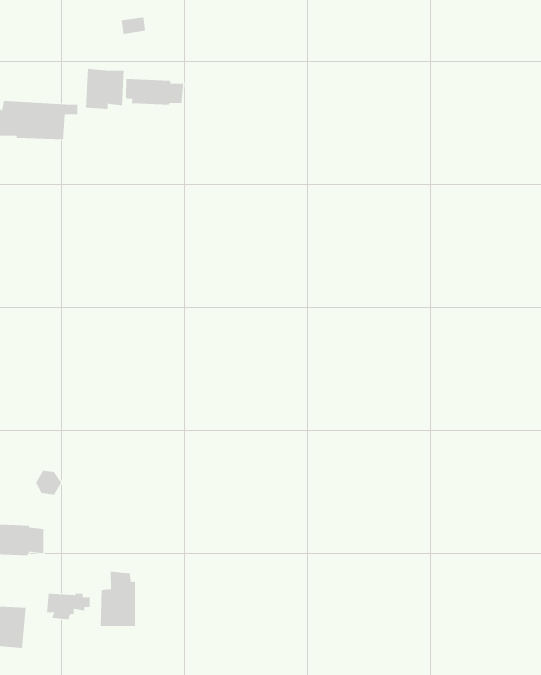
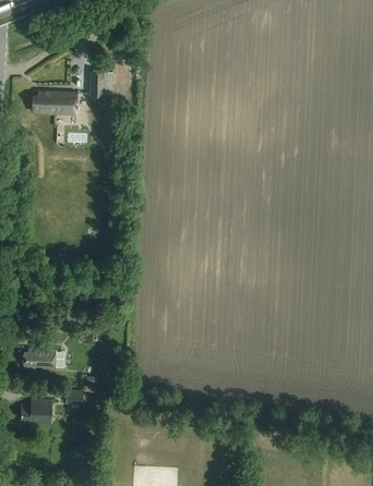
building: [126,78,184,105] -> none
building: [100,571,136,627] -> none

